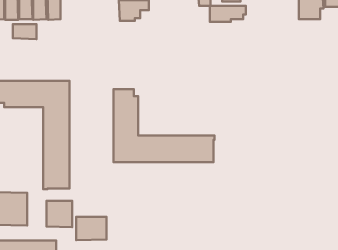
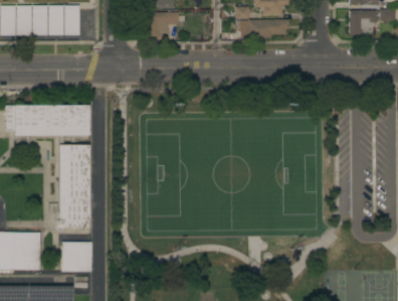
building: [13,24,37,39] -> none
building: [113,89,214,162] -> none
building: [76,217,107,240] -> none

